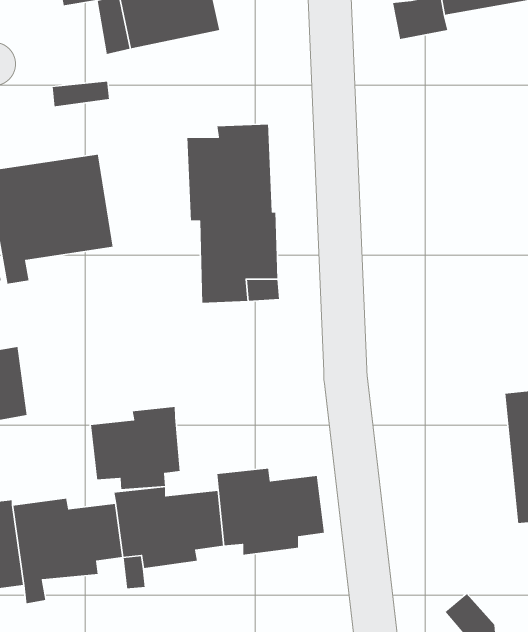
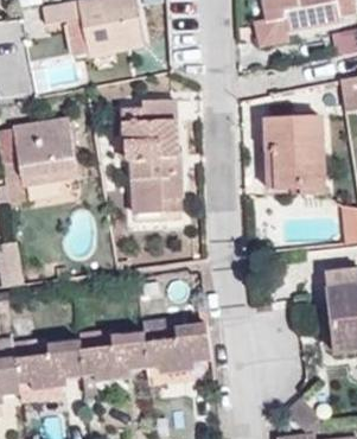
building: none -> [266,116,324,195]
building: [90,406,180,490] -> none

